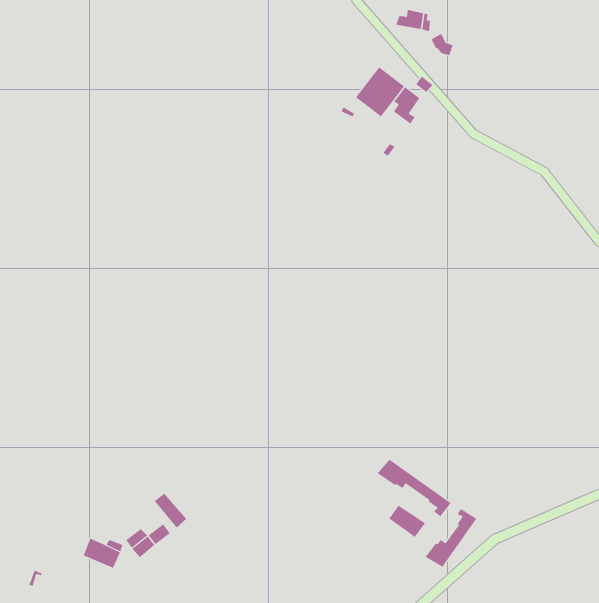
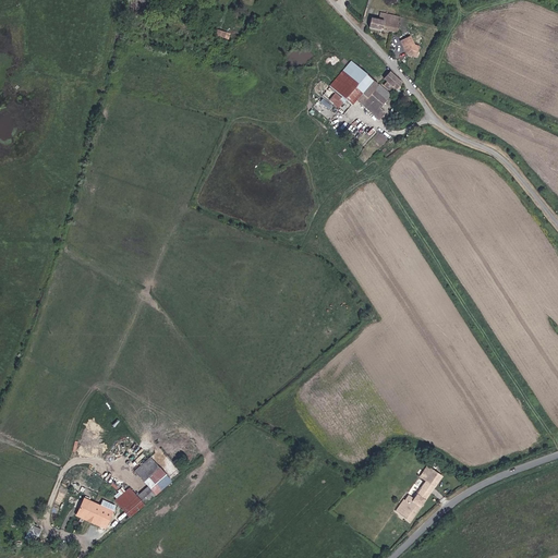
building: [377,459,452,517] -> none
building: [388,505,426,538] -> none

